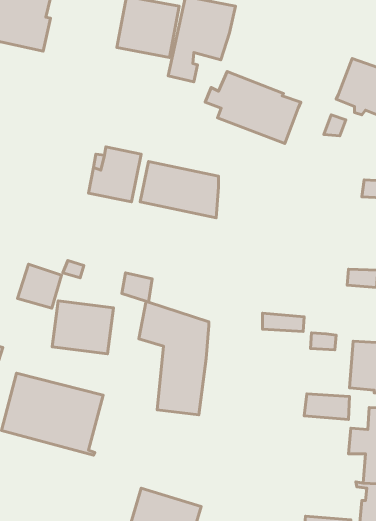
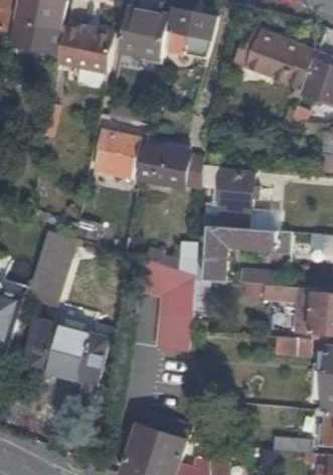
building: none -> [56,23,115,72]
building: [205,71,301,144] -> [235,29,314,89]
building: none -> [219,171,253,209]
building: none -> [194,225,289,281]
building: [52,301,113,354] -> none

